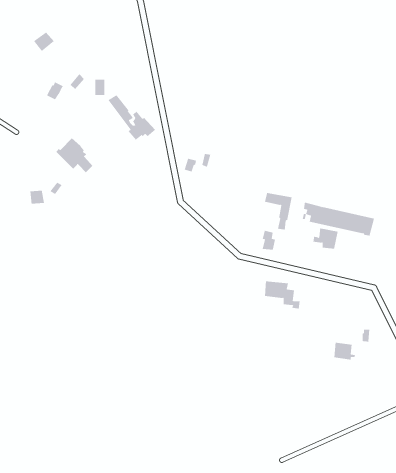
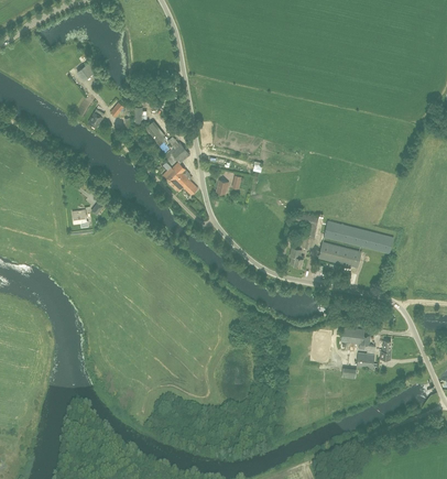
building: [55,138,93,173] -> [162,162,197,195]
building: [264,281,301,309] -> [340,327,374,353]

